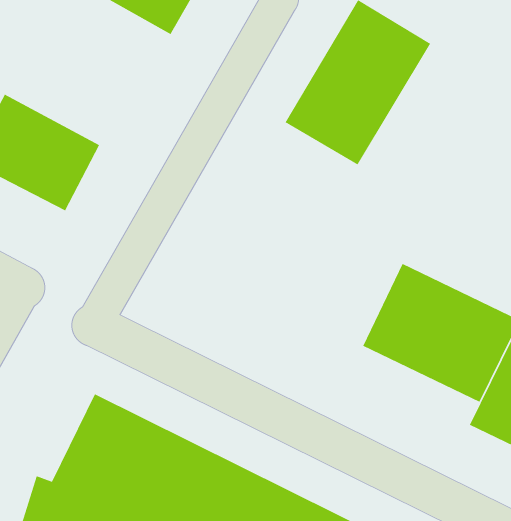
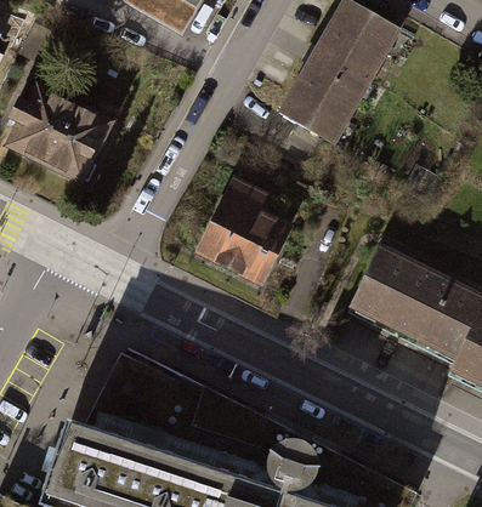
building: none -> [198,181,306,286]

